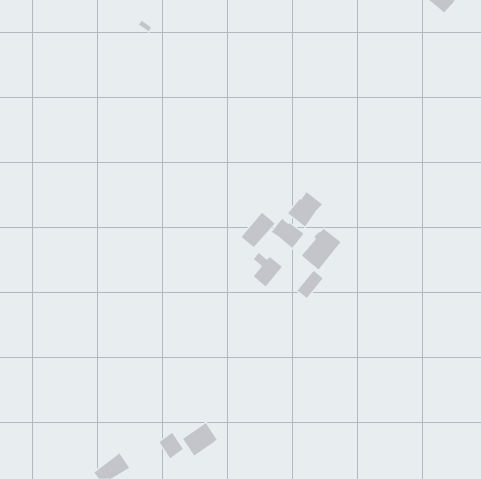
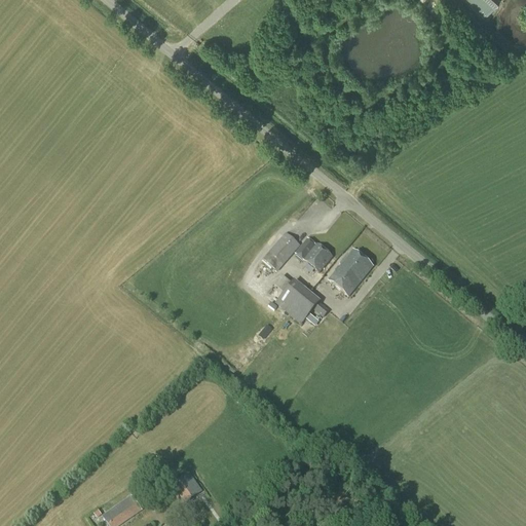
building: [287,191,323,227] -> none
building: [297,270,323,299] -> [291,291,320,323]
building: [182,422,218,456] -> none

